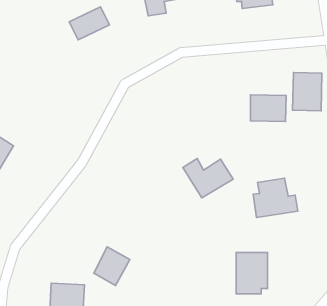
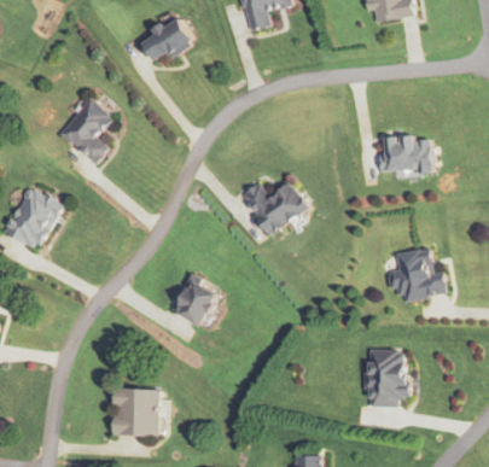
building: none -> [57,98,112,165]
building: [293,72,322,111] -> none
building: [183,158,233,198] -> [240,182,308,235]
building: [94,247,130,286] -> [171,276,220,328]

